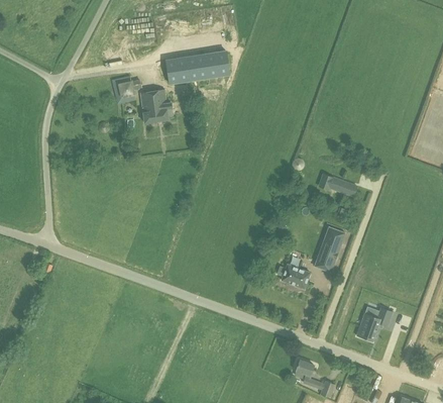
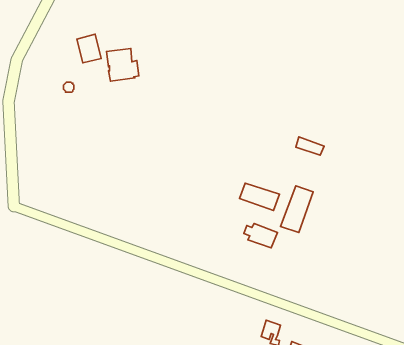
building: [165,51,229,83] -> none
building: none -> [240,183,280,210]
building: [355,306,392,340] -> none

